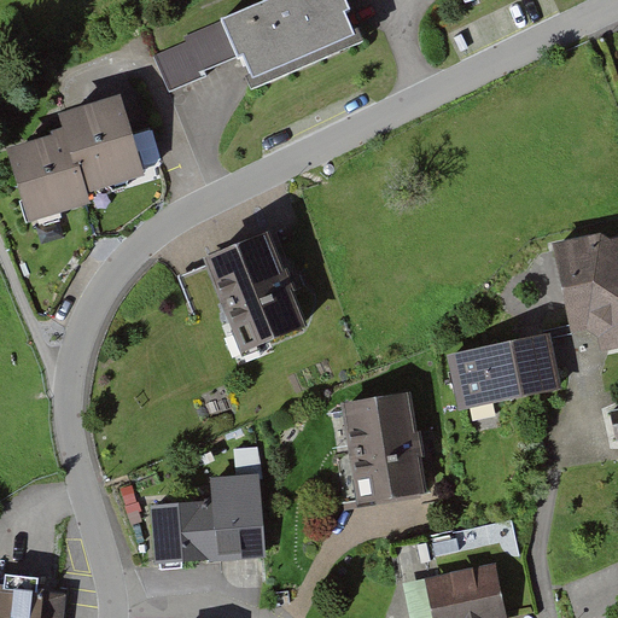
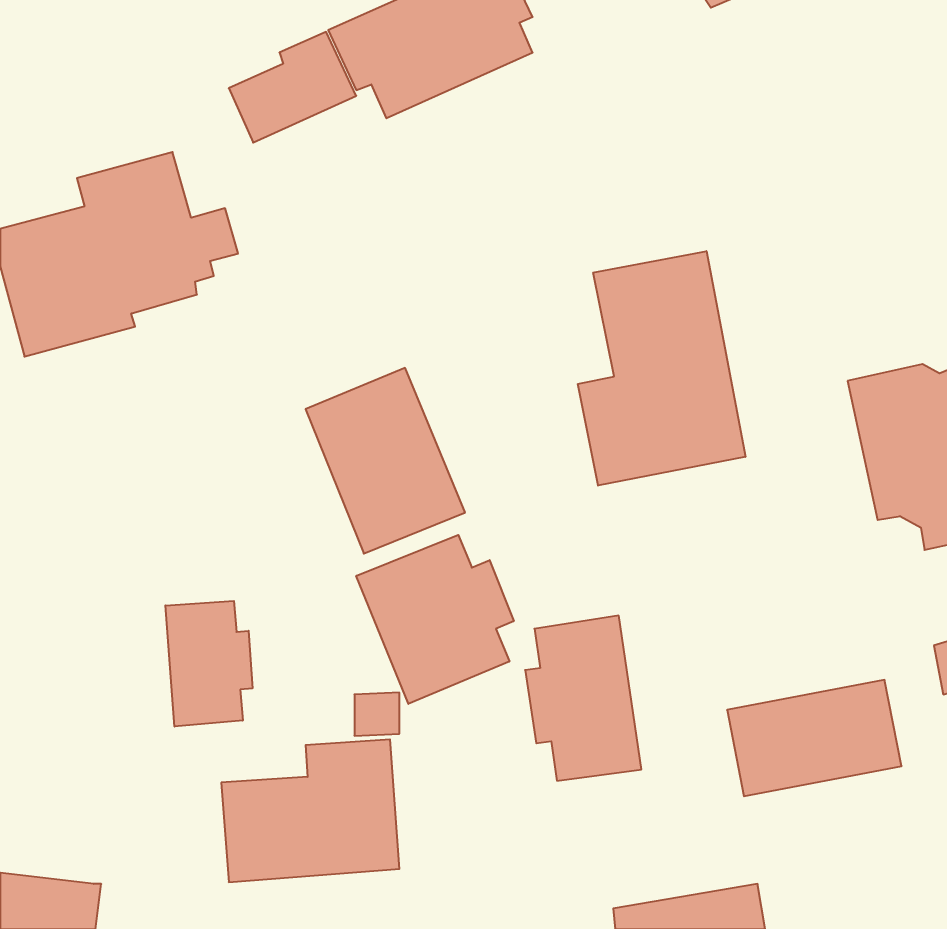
building: none -> [578,251,745,486]
building: [449,336,561,410] -> [727,680,902,796]
building: none -> [356,535,514,704]
building: none -> [165,601,252,727]

